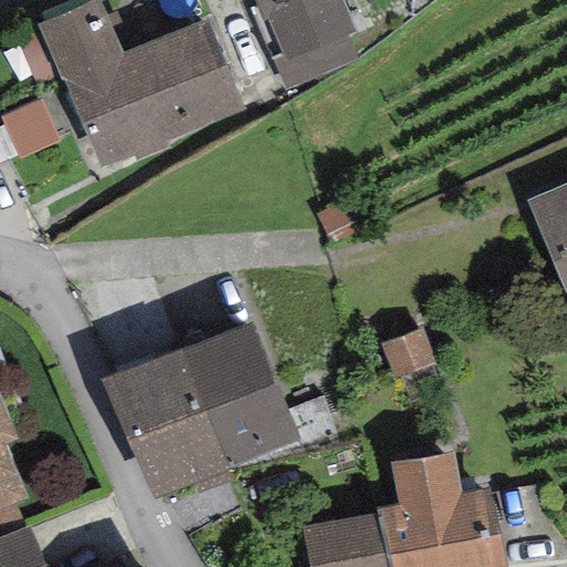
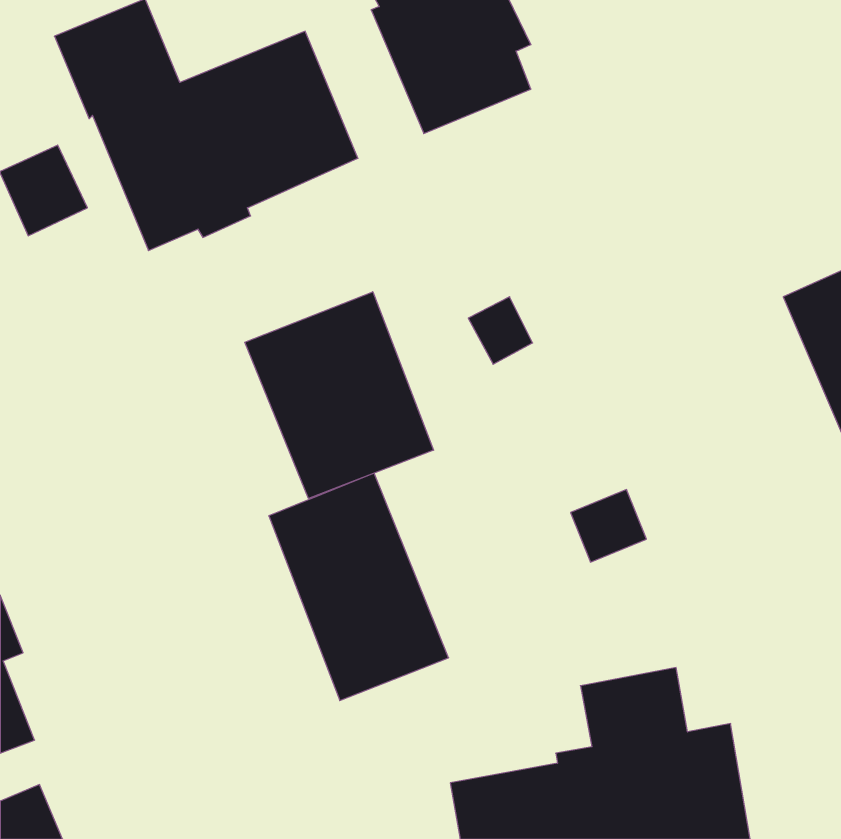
building: none -> [245,292,434,498]
building: [101,347,229,503] -> none

